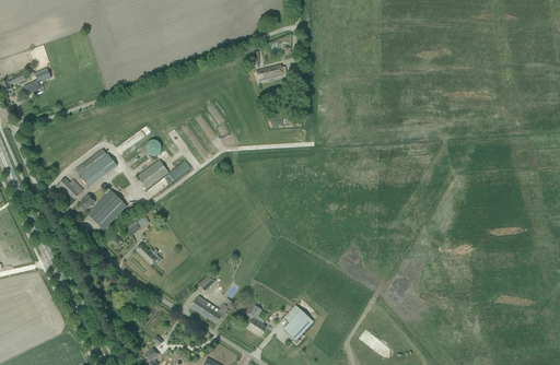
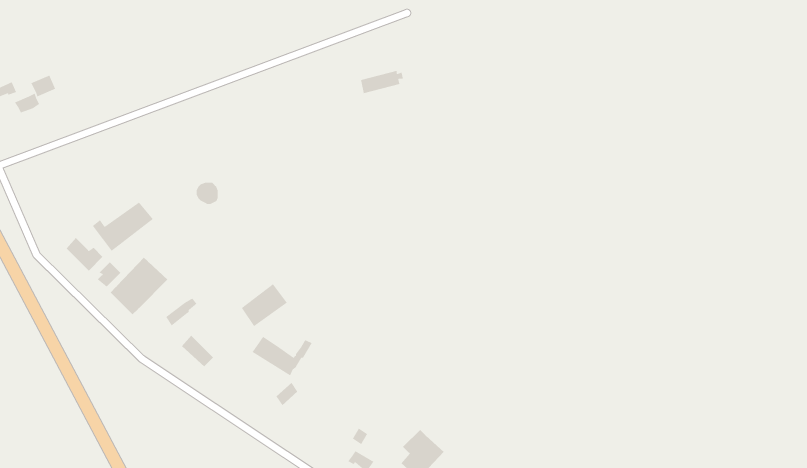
building: [137,158,168,188] -> [241,283,288,327]
building: [190,295,232,322] -> [251,336,313,376]

